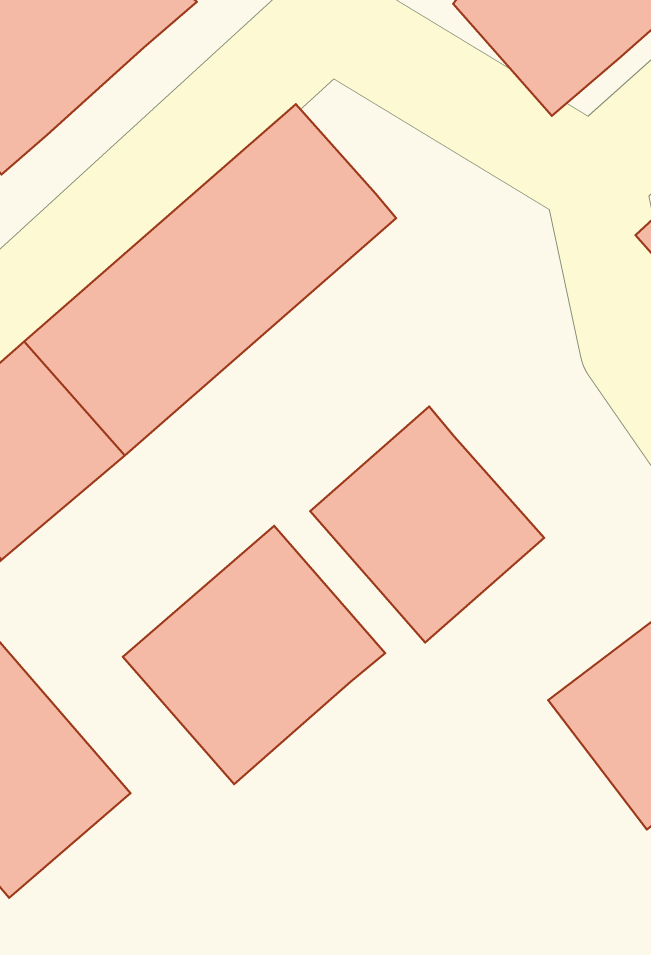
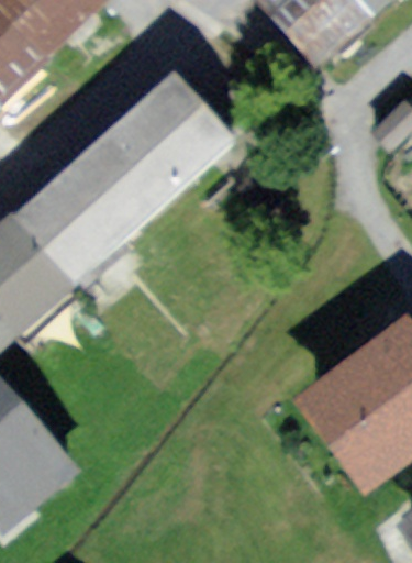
building: [310,406,544,643] -> none
building: [123,526,385,784] -> none

